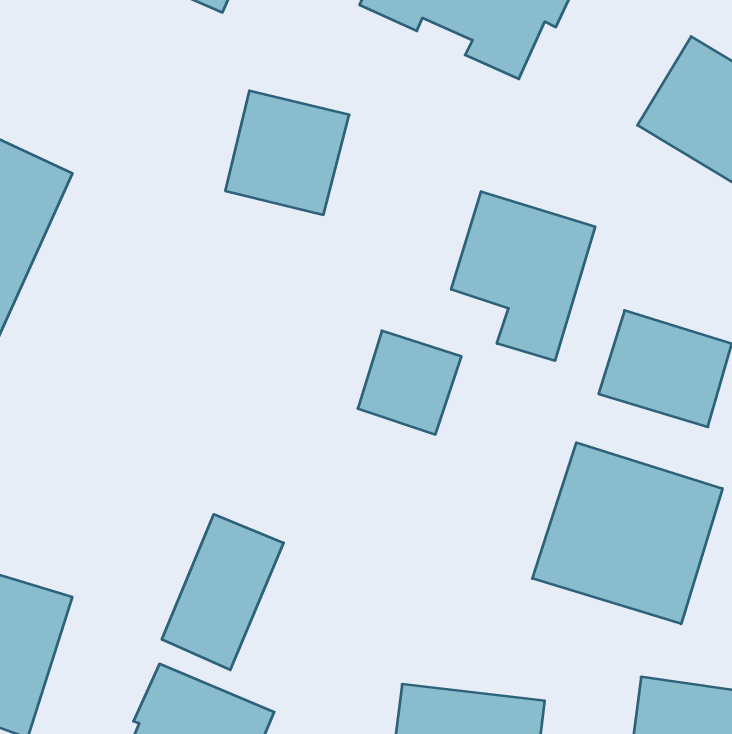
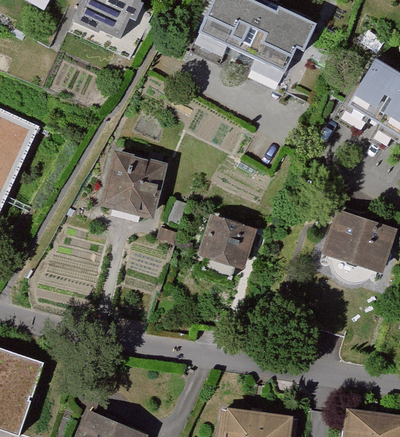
building: [225,91,349,215] -> [100,147,167,214]
building: [451,191,595,361] -> none
building: [532,443,722,624] -> none
building: [162,514,284,670] -> none

